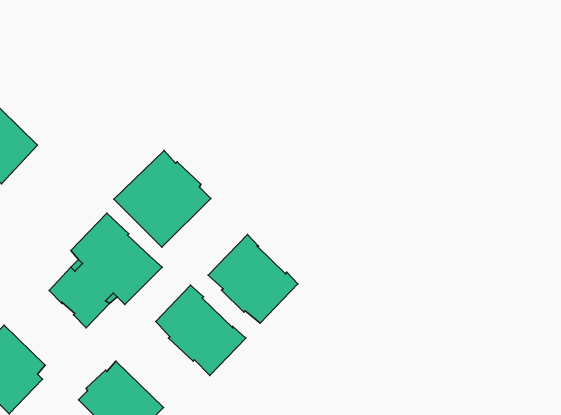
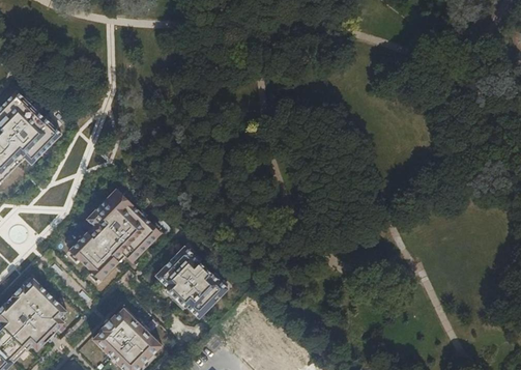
building: [114,150,211,247] -> none
building: [208,234,298,323] -> none

